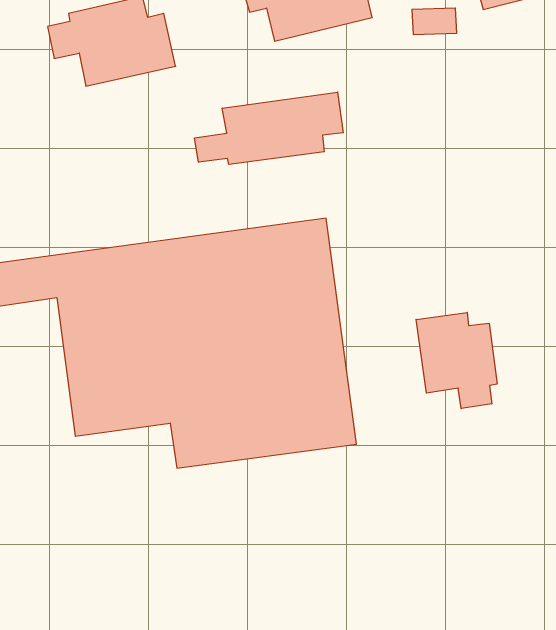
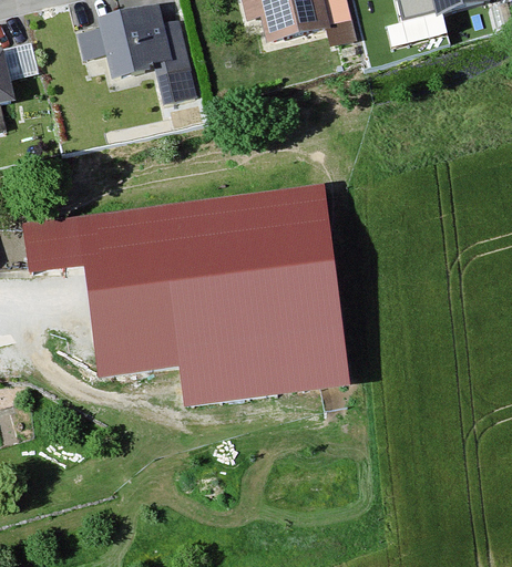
building: [195,92,343,164] -> none
building: [416,312,497,409] -> none

